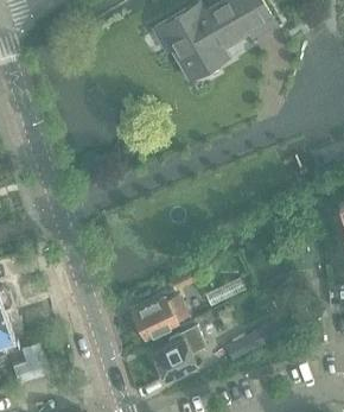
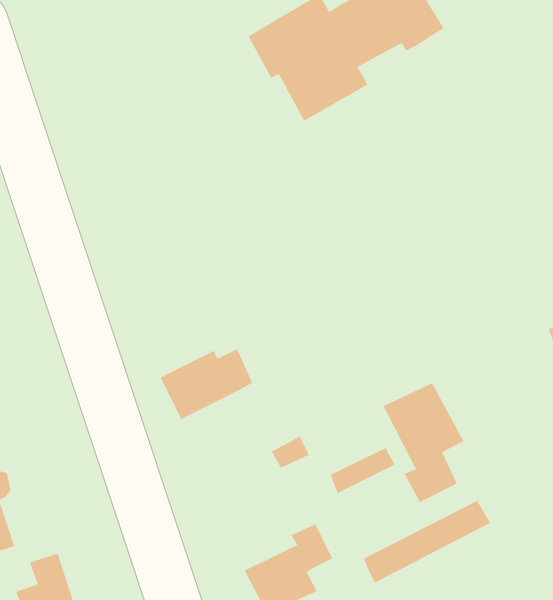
building: none -> [382,382,465,503]
building: [132,294,189,338] -> [159,348,253,420]

